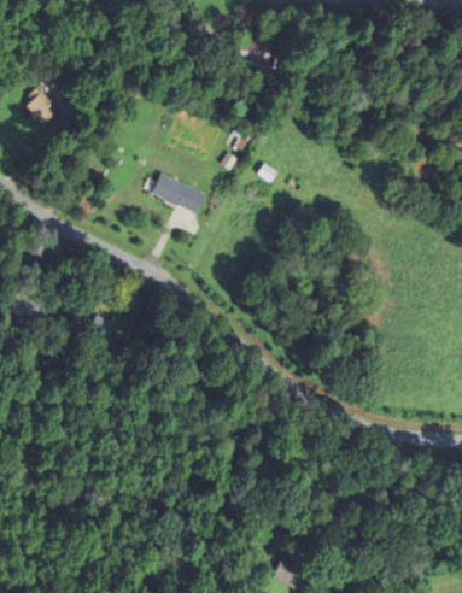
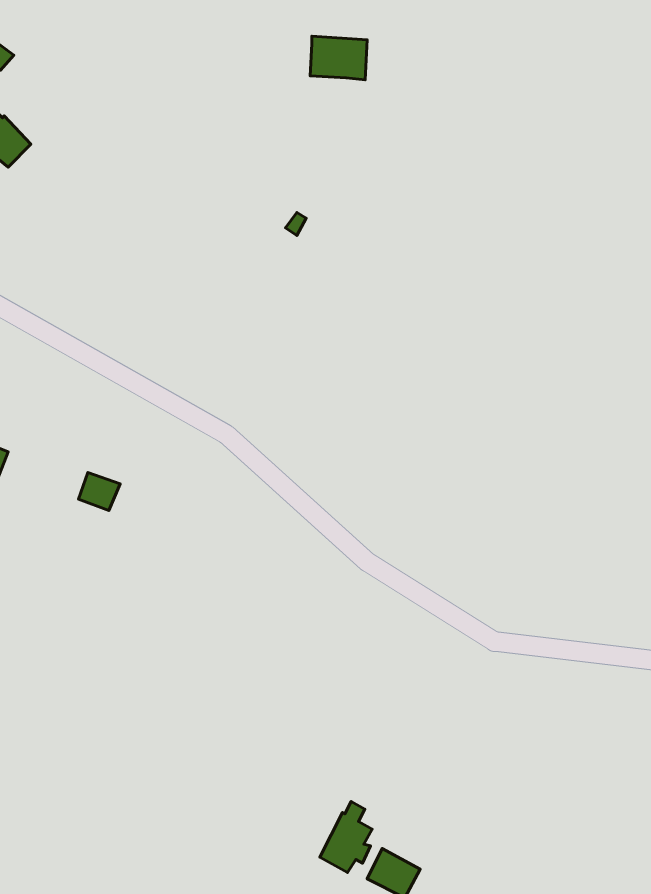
building: [152,172,206,215] -> none
building: none -> [320,802,372,873]

